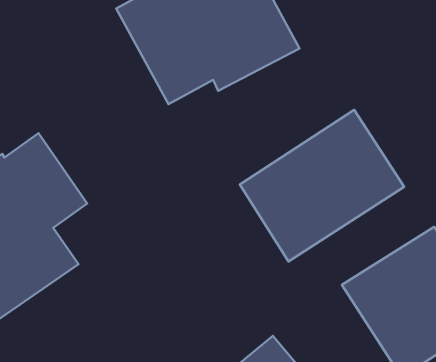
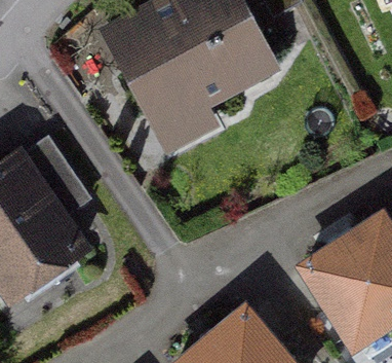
building: [240,110,404,261] -> none

